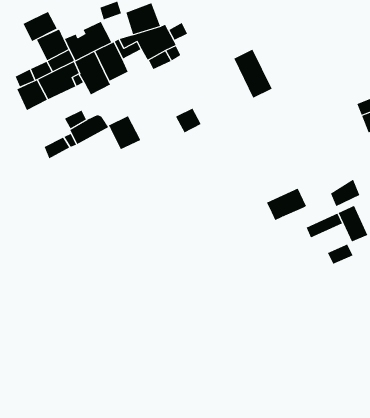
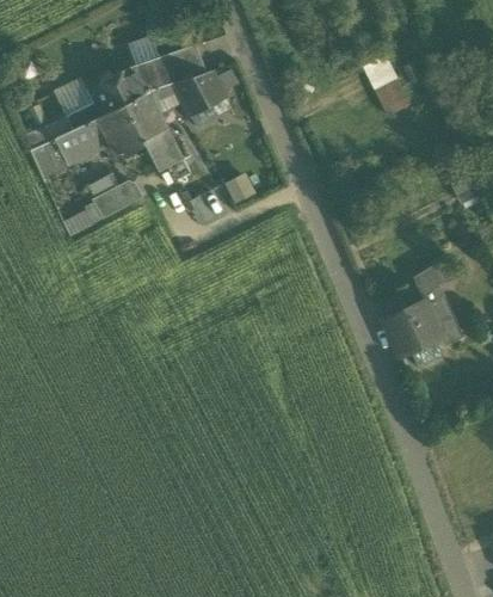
building: [23,11,58,42] -> none
building: none -> [134,56,172,93]
building: [233,49,272,98] -> [363,55,411,116]
building: [108,116,141,150] -> [143,129,184,171]
building: [266,188,307,221] -> [390,315,440,356]

